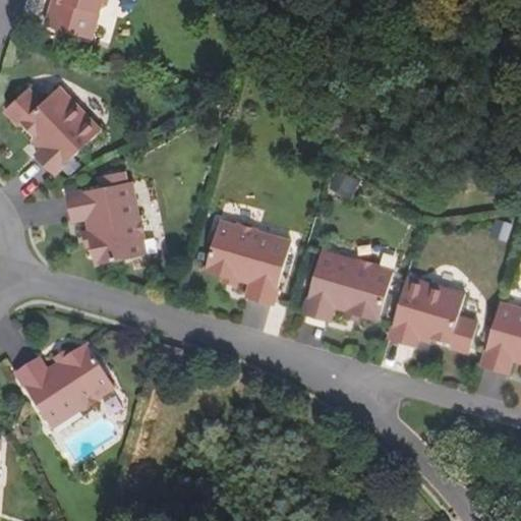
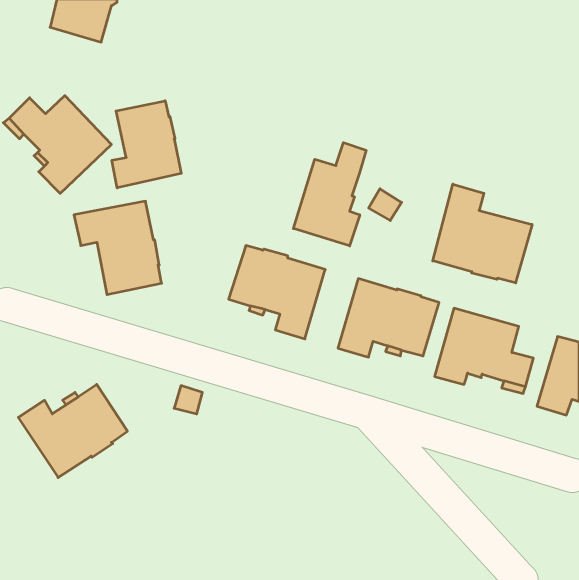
building: none -> [112,101,181,188]
building: none -> [293,143,366,246]
building: none -> [433,184,532,283]

